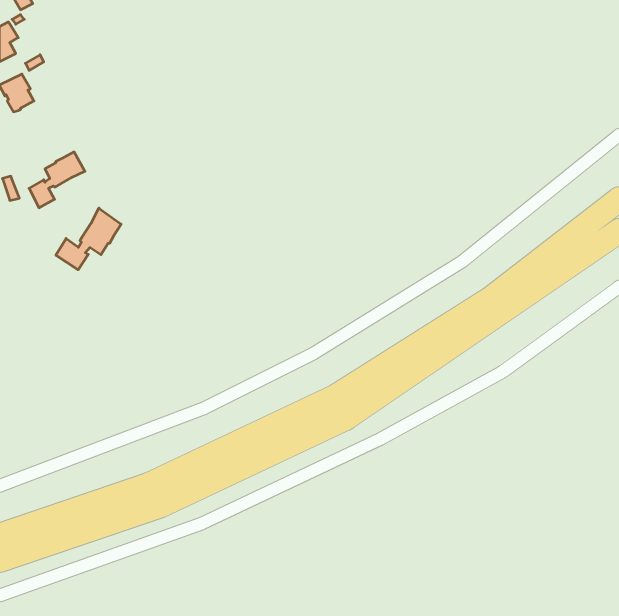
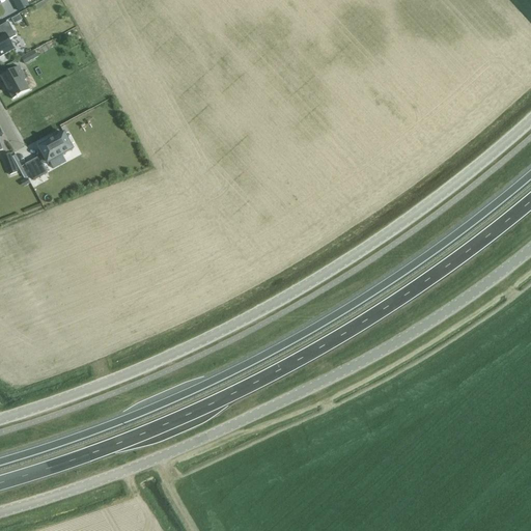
building: [56,208,121,270] -> none

